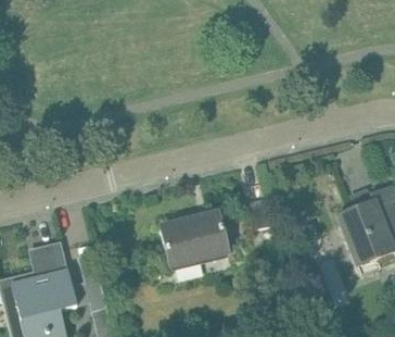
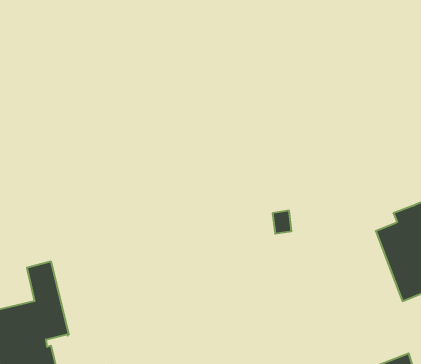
building: [161,212,229,262] -> none

